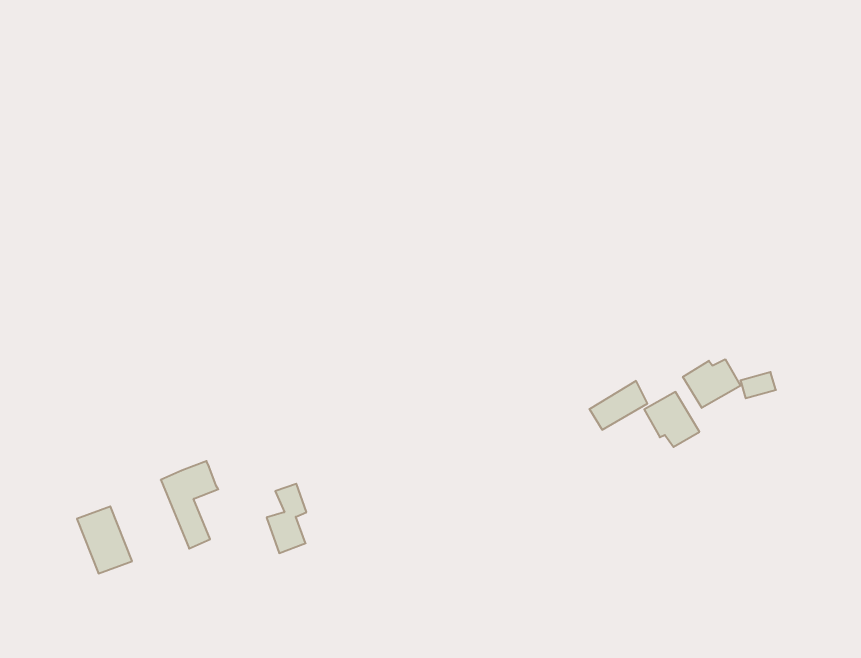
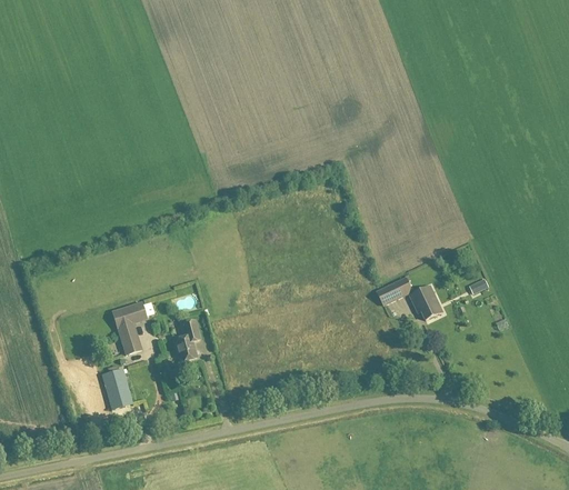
building: [683,359,741,408] -> none
building: [77,506,132,573] -> [101,368,132,408]

